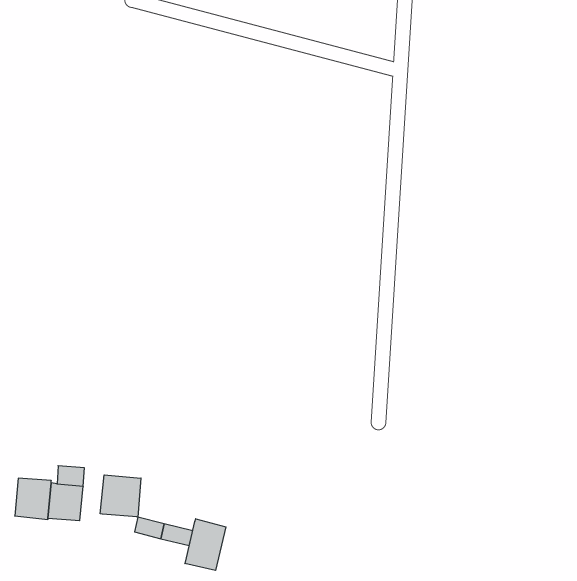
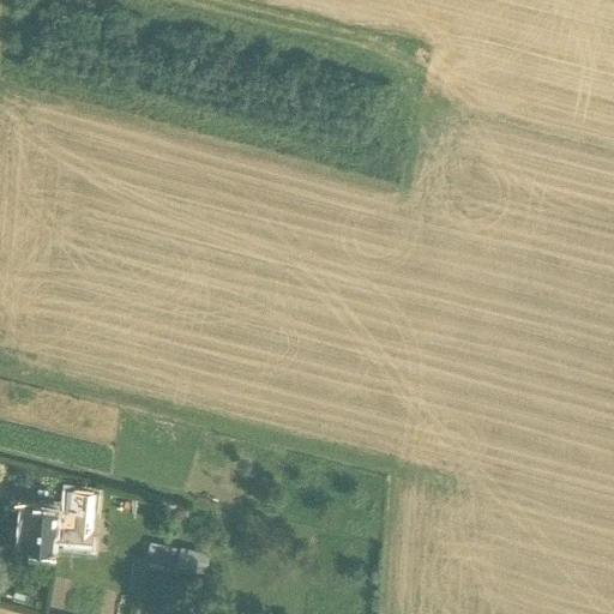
building: [100,475,141,517] -> none
building: [185,519,226,570] -> none

